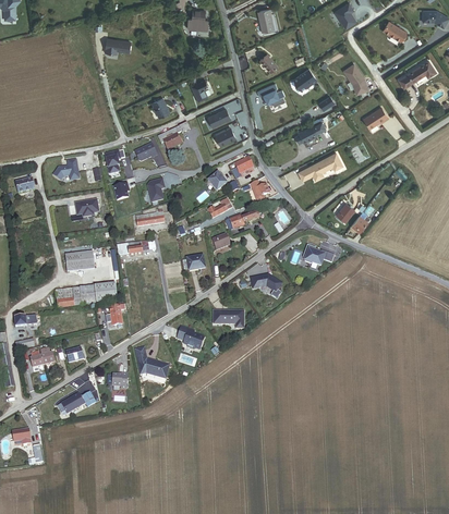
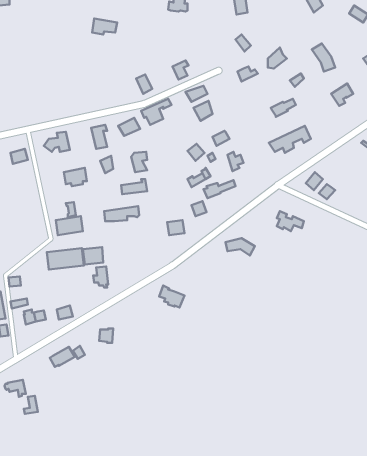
building: [213,310,243,329] -> none
building: [135,347,170,378] -> none

